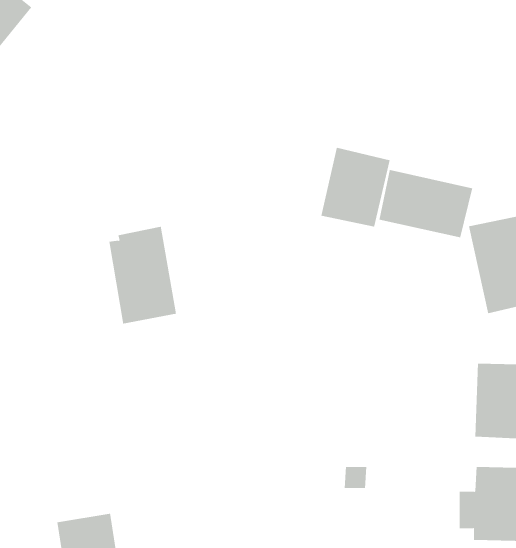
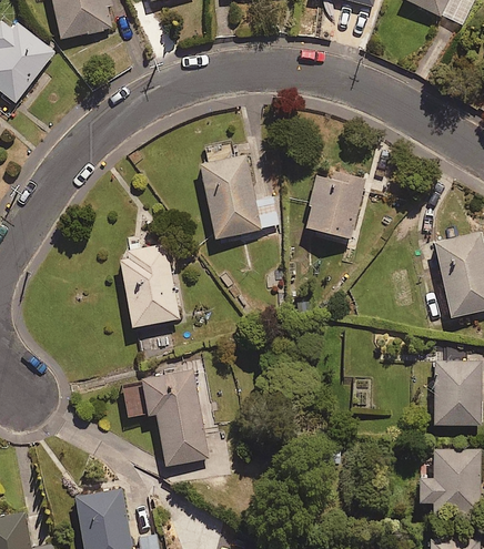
building: none -> [200,139,281,236]
building: [379,169,473,238] -> none
building: none -> [127,368,209,466]

